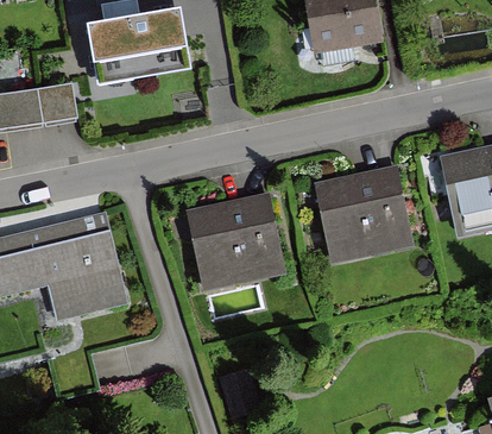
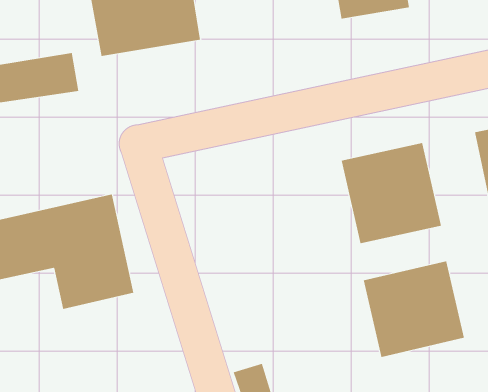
building: [189,191,284,288] -> none
building: none -> [363,260,464,358]

